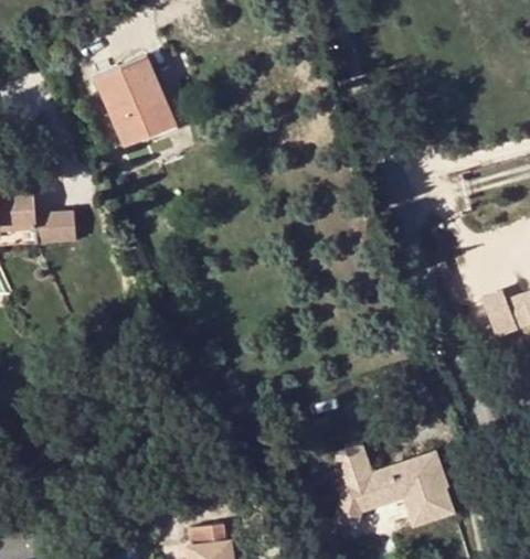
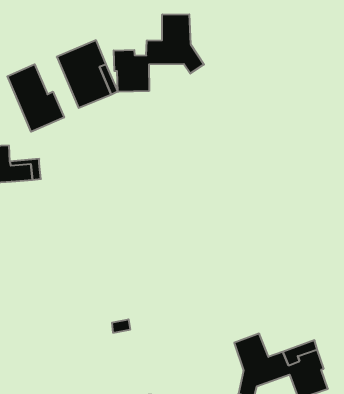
building: none -> [114,14,204,92]
building: none -> [7,64,64,132]

